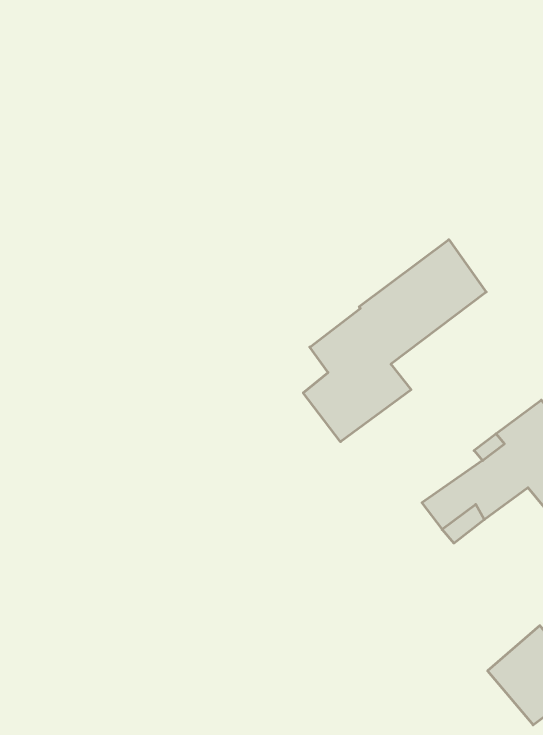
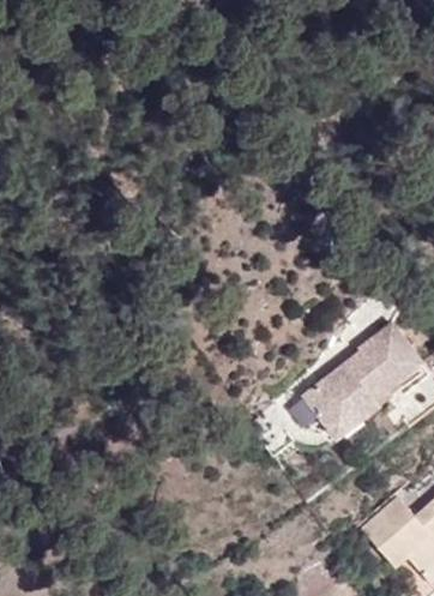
building: [303,240,486,442] -> none

